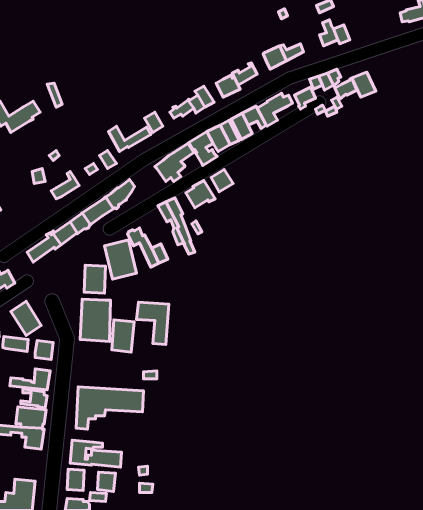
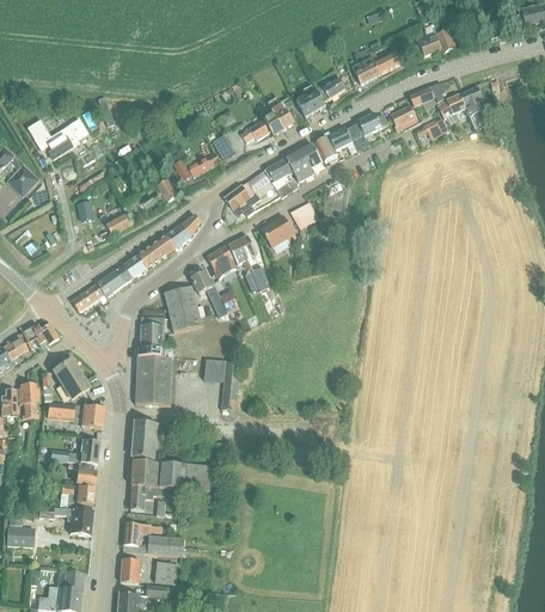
building: none -> [207,246,235,279]
building: [112,320,134,352] -> [131,421,158,459]

